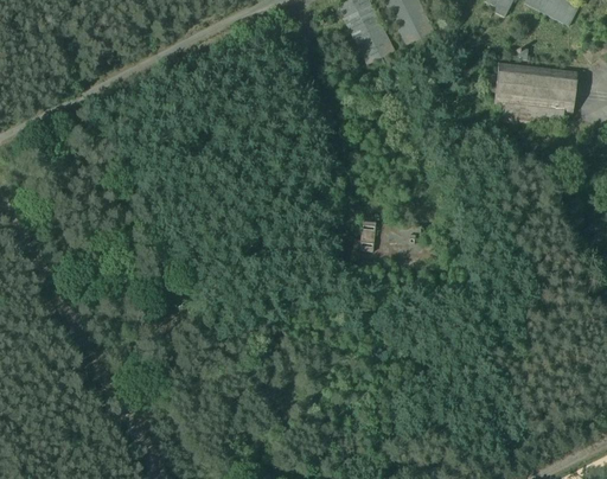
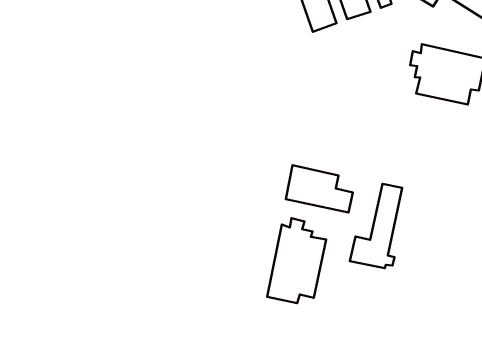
building: none -> [350,184,402,268]
building: none -> [267,218,326,303]

